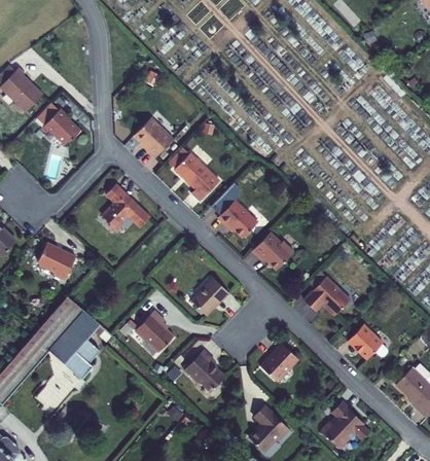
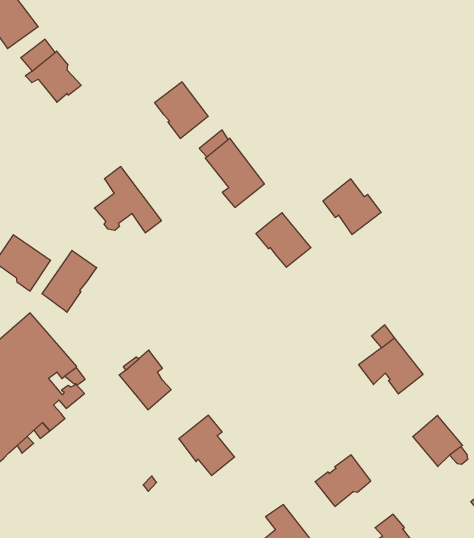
building: [252,232,294,271] -> [323,179,381,234]
building: none -> [42,250,97,312]
building: [189,280,227,319] -> none
building: [259,343,298,381] -> [315,455,371,506]

